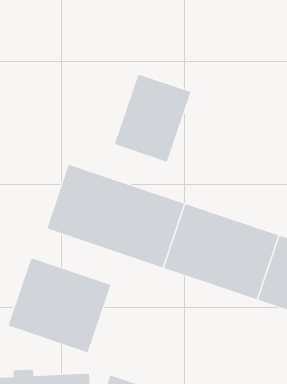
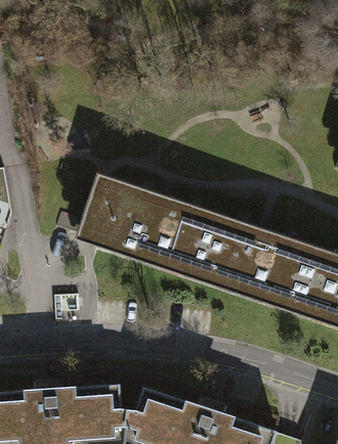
building: [114,74,191,162] -> none
building: [8,257,111,353] -> none

